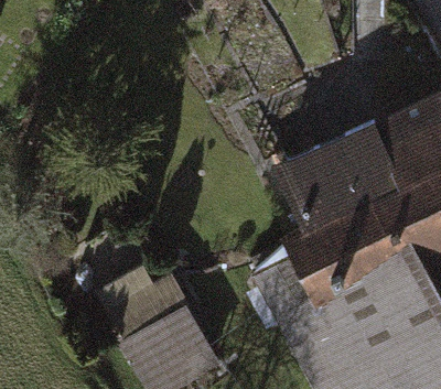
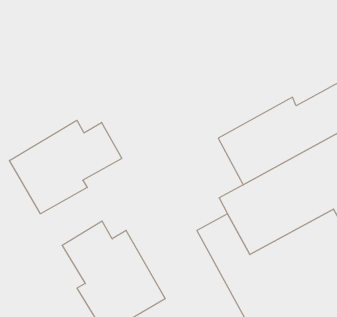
building: none -> [9,120,122,214]

